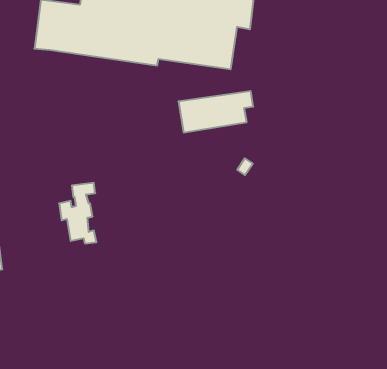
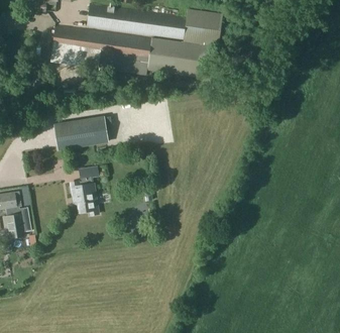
building: [178,91,253,132] -> [54,116,113,148]

